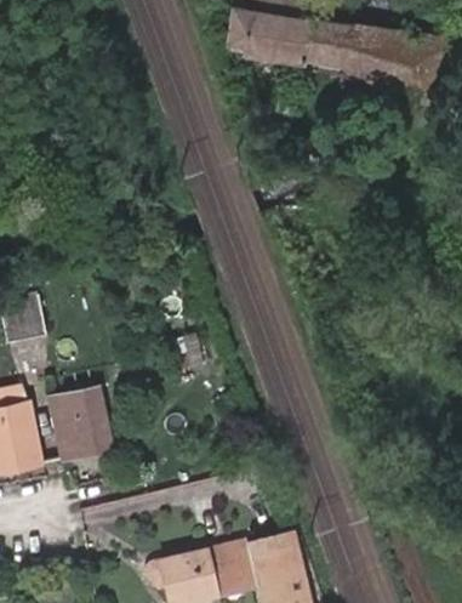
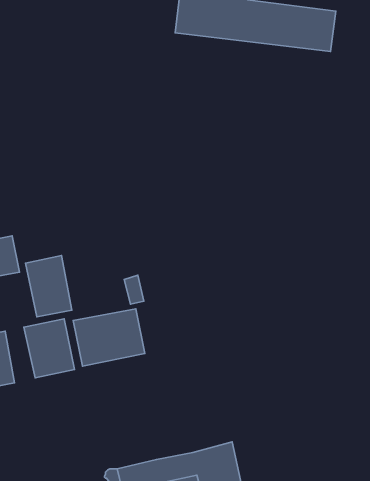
building: none -> [26,256,72,317]
building: none -> [73,309,145,366]

